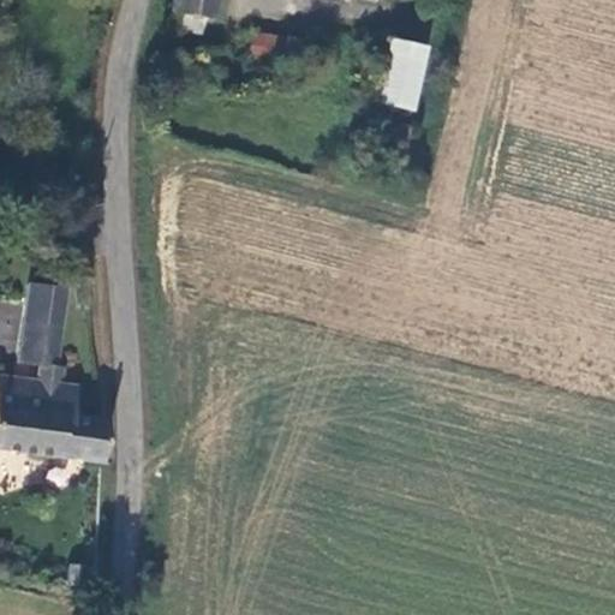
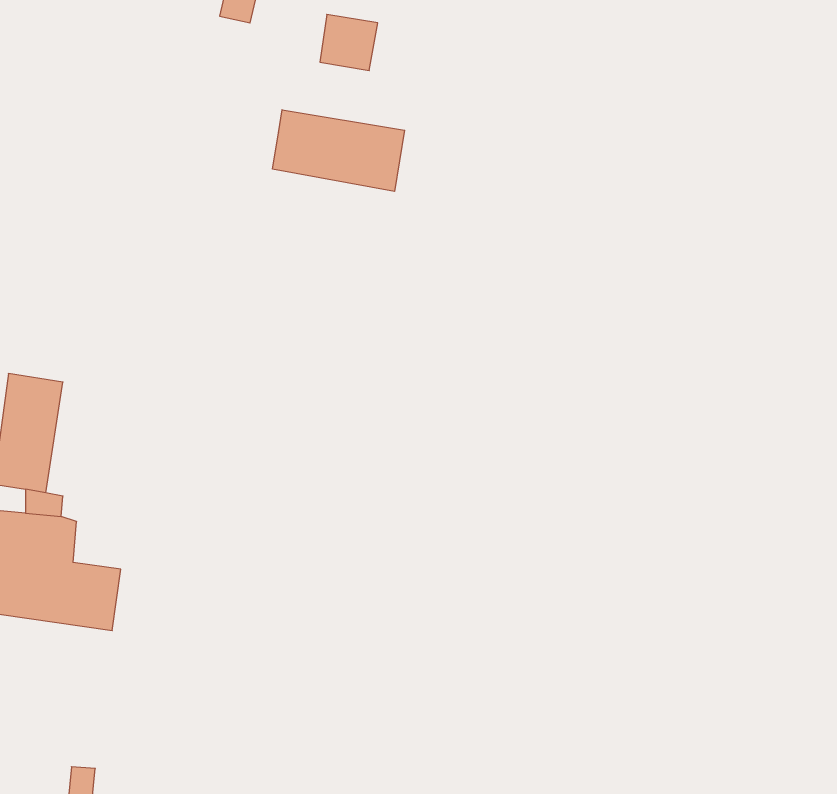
building: [369,32,428,107] -> none
building: none -> [273,110,405,191]

